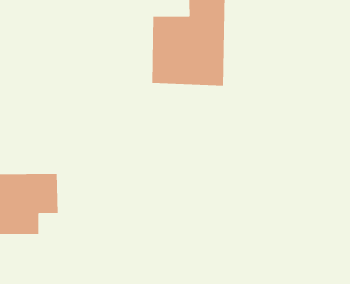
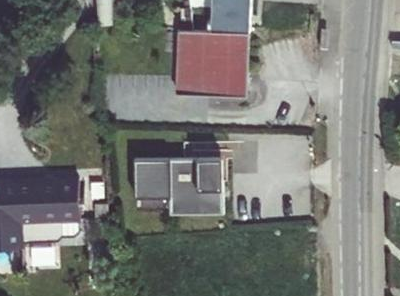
building: none -> [125,149,216,209]

